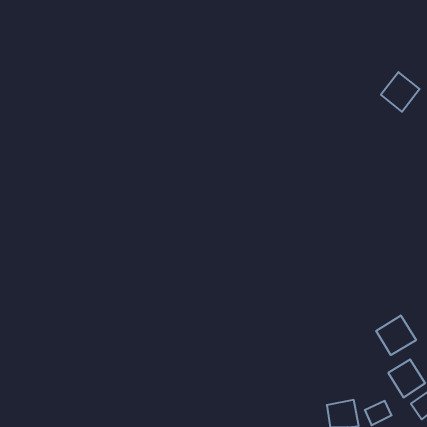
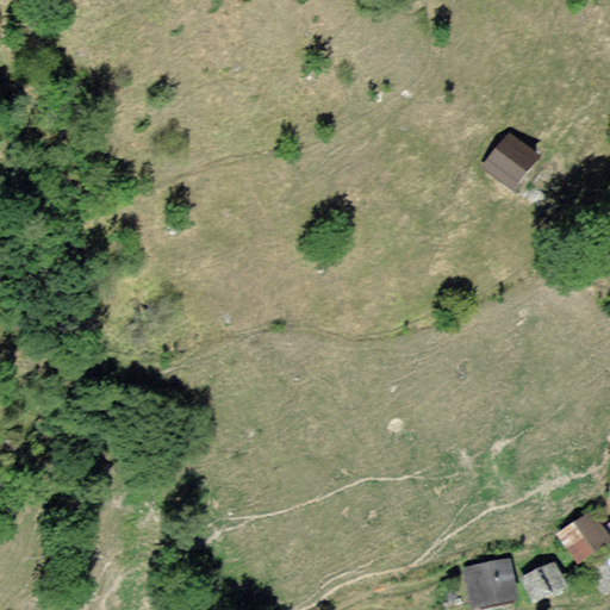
building: [381,72,420,112] -> [488,131,543,187]
building: [376,315,416,355] -> none

